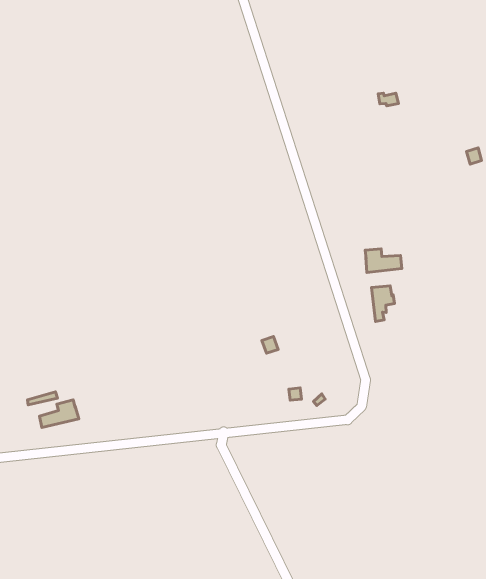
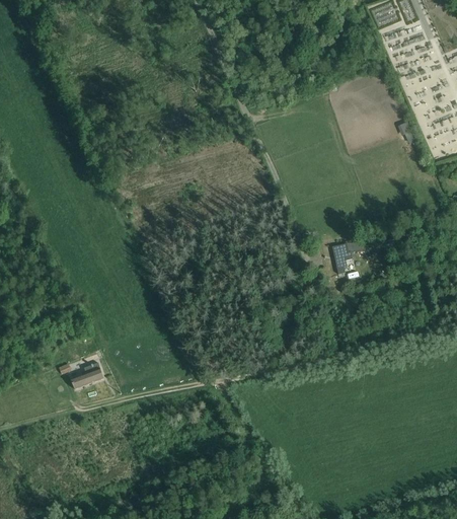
building: [365,249,402,272] -> none

